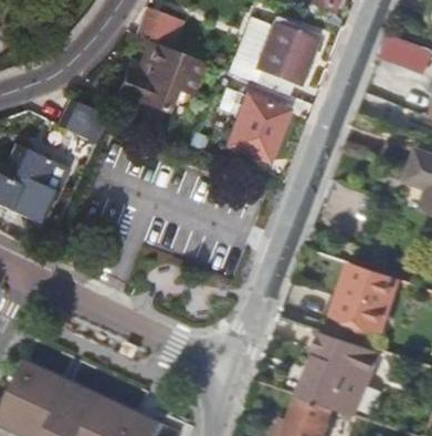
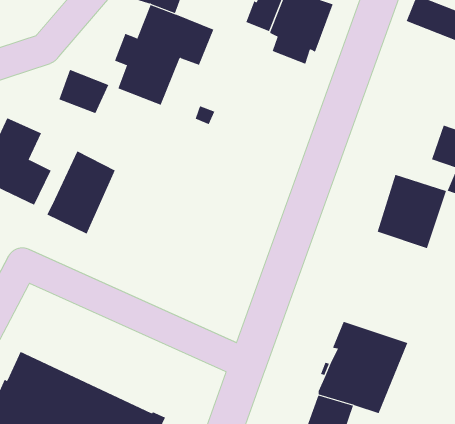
building: [219,90,288,162] -> none
building: none -> [47,150,116,234]
building: [335,263,399,332] -> [377,174,447,249]

